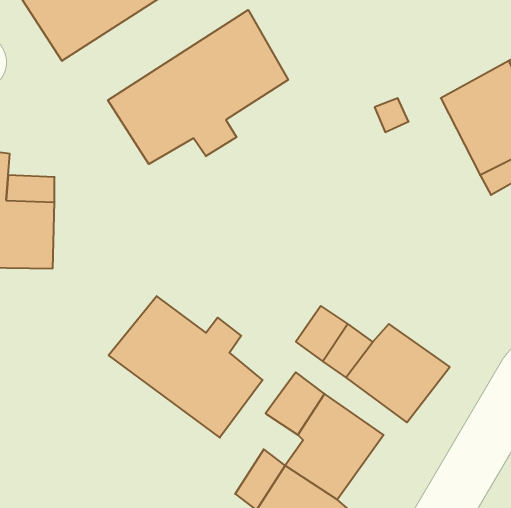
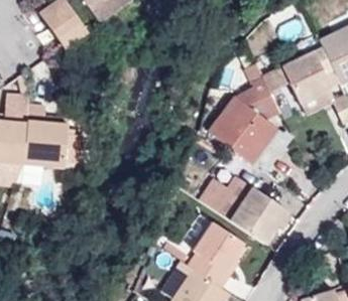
building: [108,10,288,164] -> none
building: none -> [214,83,282,168]
building: [109,296,263,438] -> none

